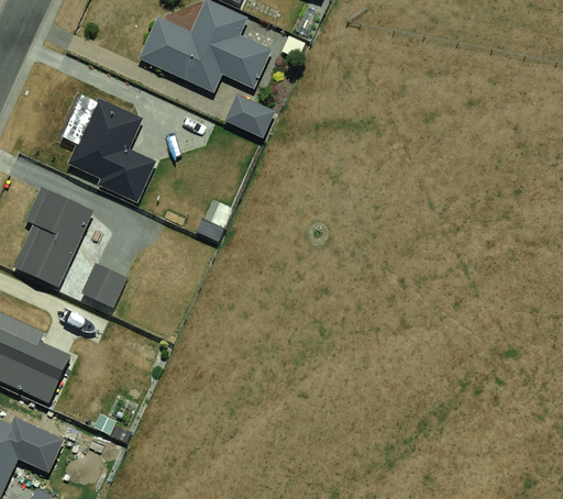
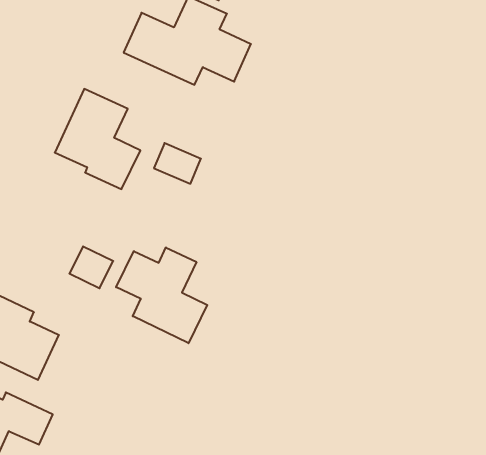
building: [225,95,275,137] -> [154,143,201,184]
building: [14,187,93,286] -> none
building: none -> [116,247,207,343]

